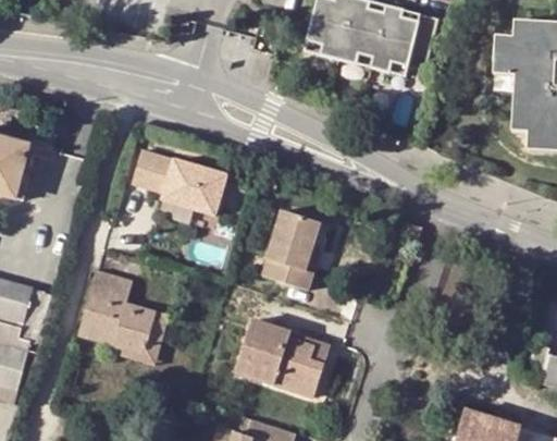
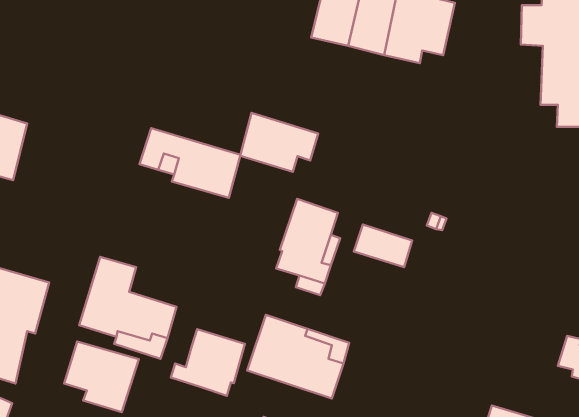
building: none -> [240,113,318,172]
building: none -> [354,224,412,267]
building: none -> [171,329,245,396]
building: none -> [64,341,139,412]

